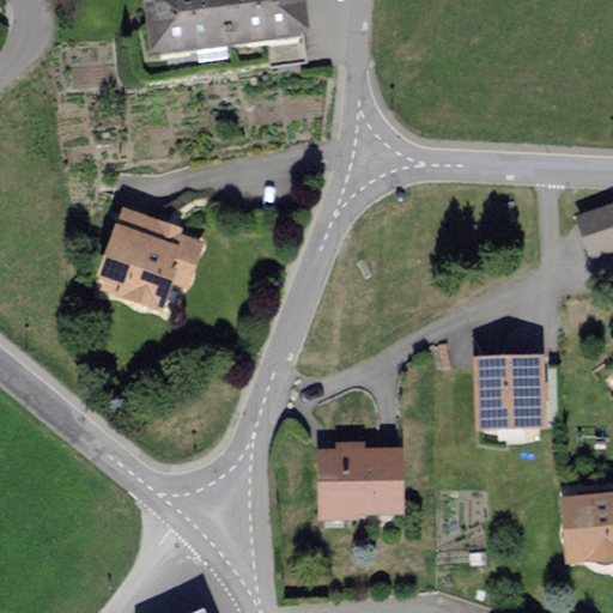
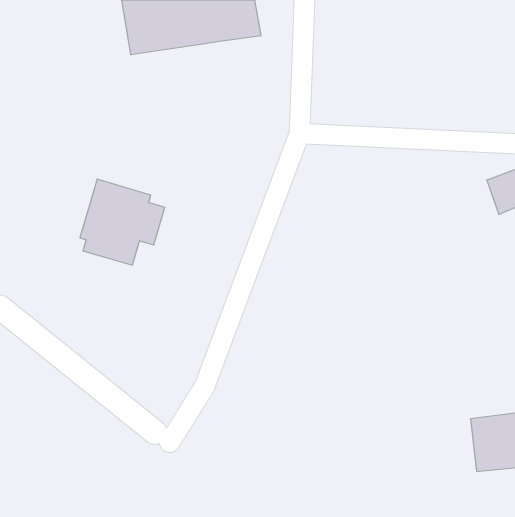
building: [474,354,545,427] -> none
building: [320,437,403,512] -> none

